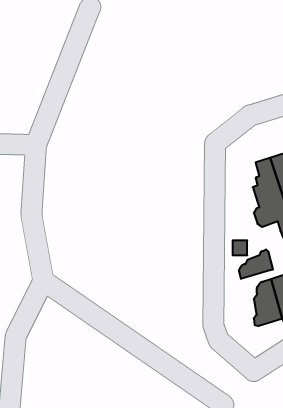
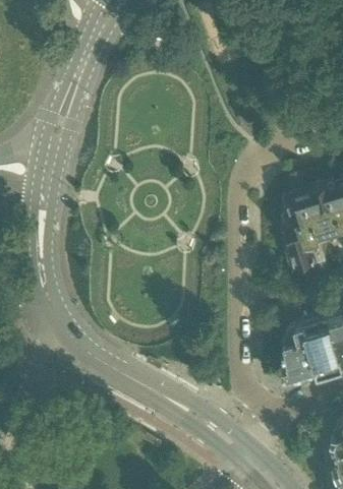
building: [239,249,273,279] -> none

